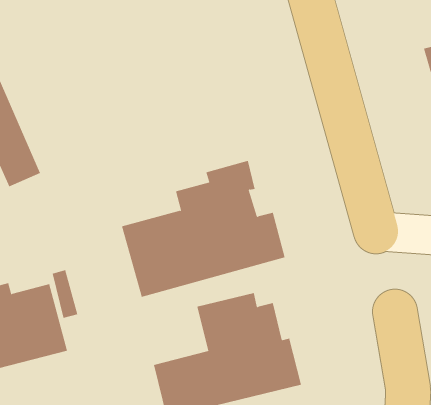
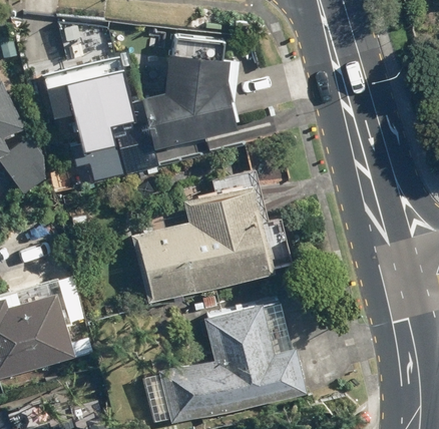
building: none -> [141,54,239,152]
building: none -> [39,59,134,187]

